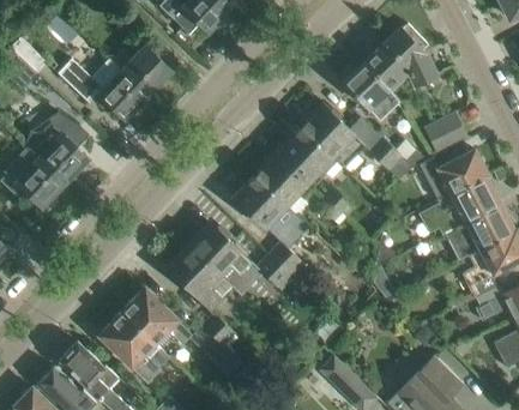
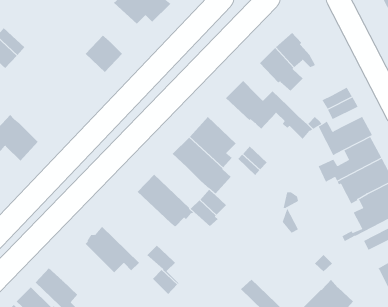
building: [386,24,437,85] -> none
building: [59,59,149,119] -> none
building: [25,111,89,182] -> none
building: [279,127,339,185] -> none
building: [168,246,231,310] -> none
building: [101,312,169,381] -> none

